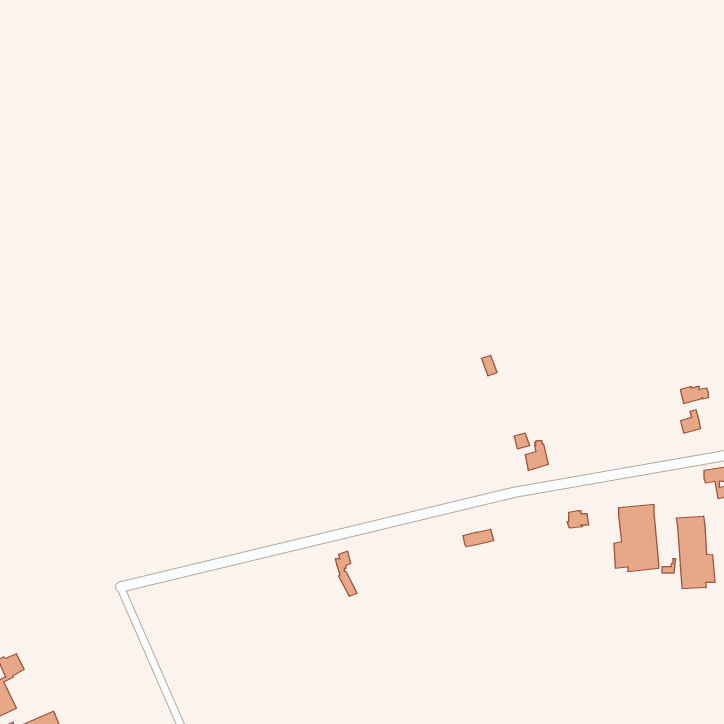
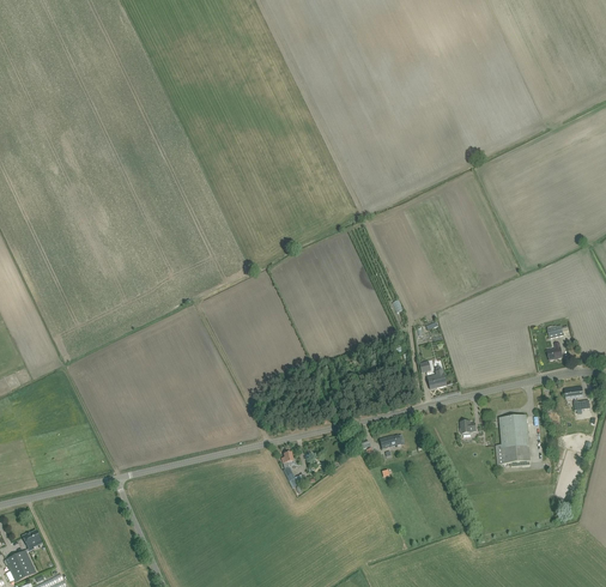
building: [677,516,715,589] -> none

